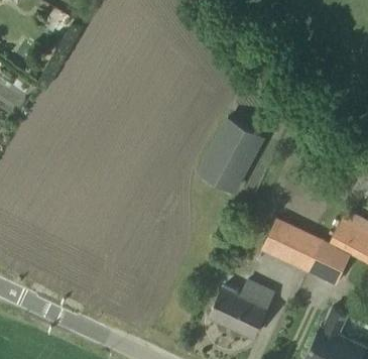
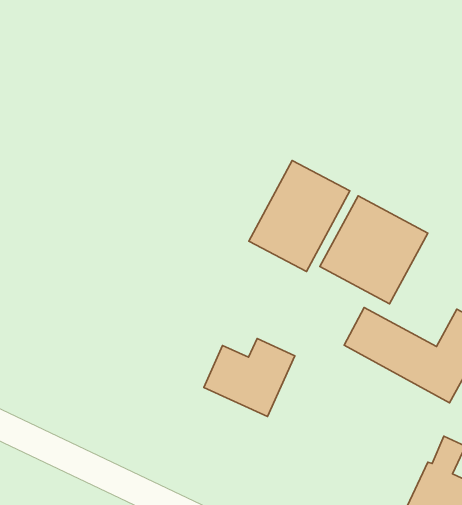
building: none -> [320,196,428,304]
building: [210,282,273,337] -> [204,338,295,416]

